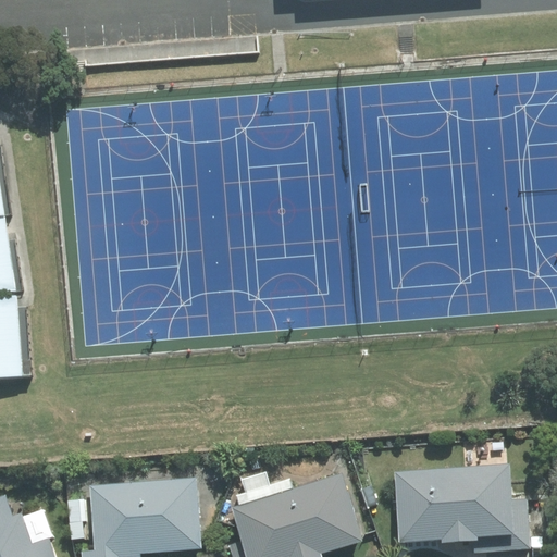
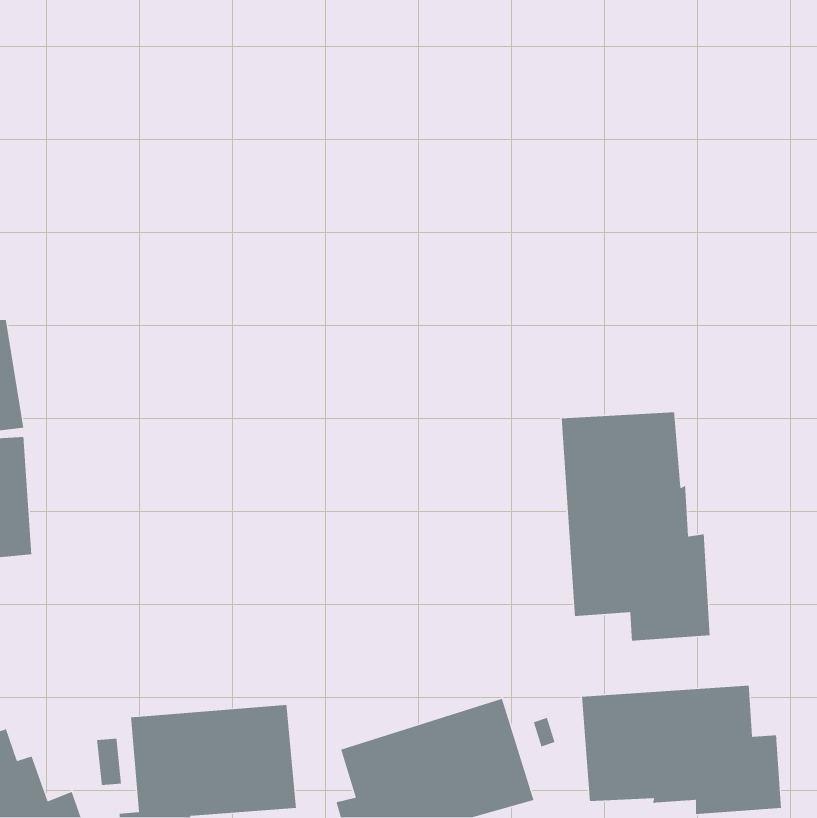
building: none -> [561,411,710,641]

